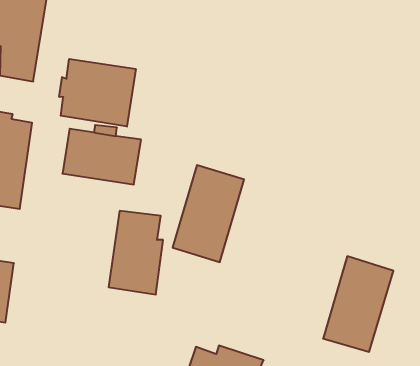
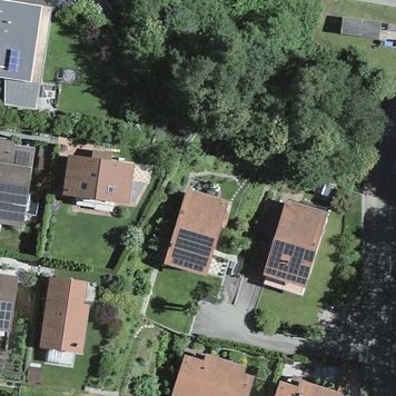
building: [59,59,136,127] -> none
building: [109,211,163,294] -> [38,277,88,354]
building: [323,256,393,352] -> [263,199,327,287]

